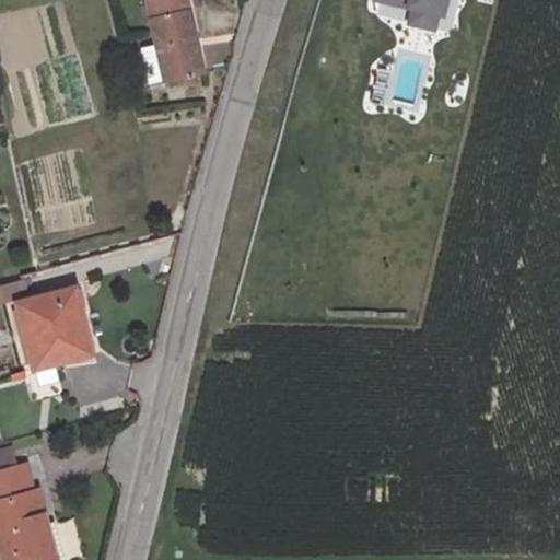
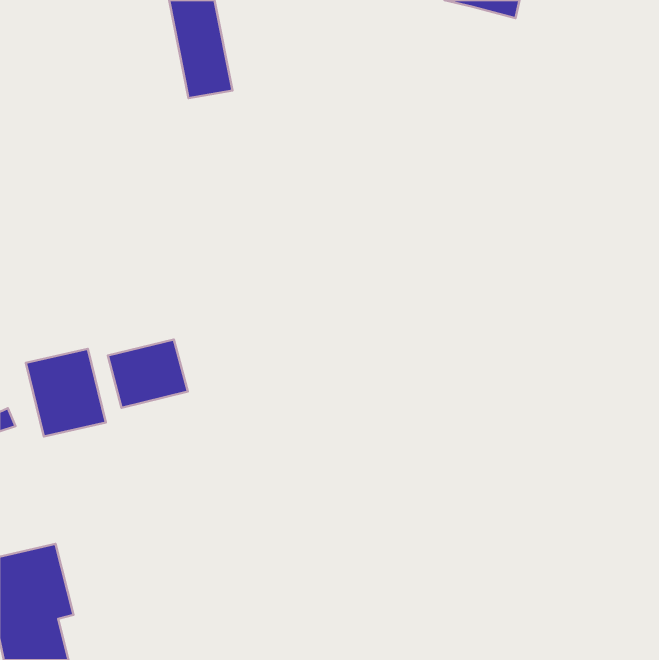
building: none -> [108,339,188,408]

